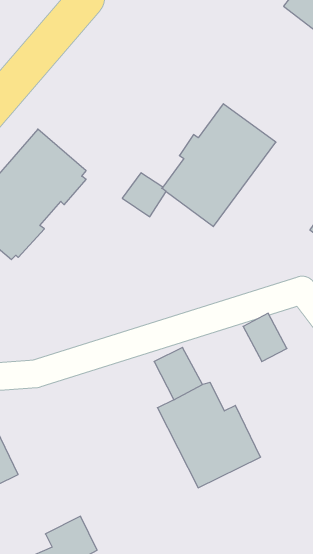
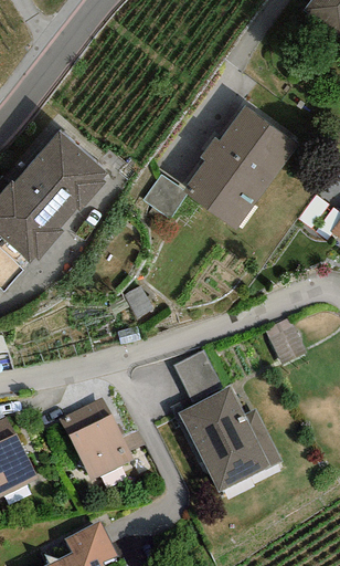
building: none -> [60,398,134,482]

